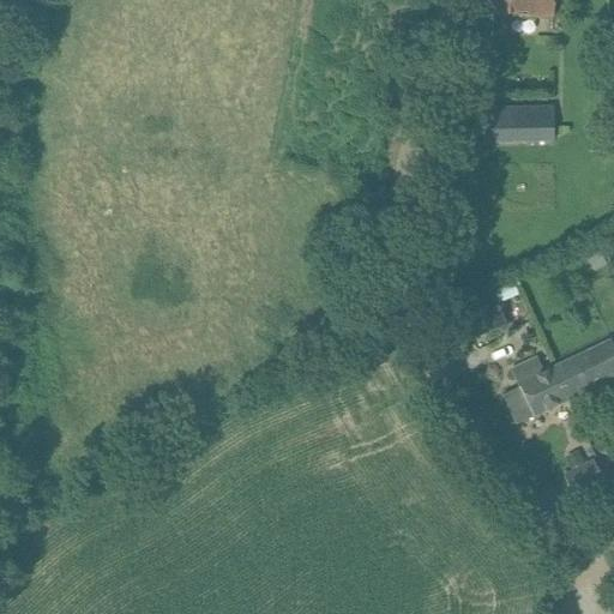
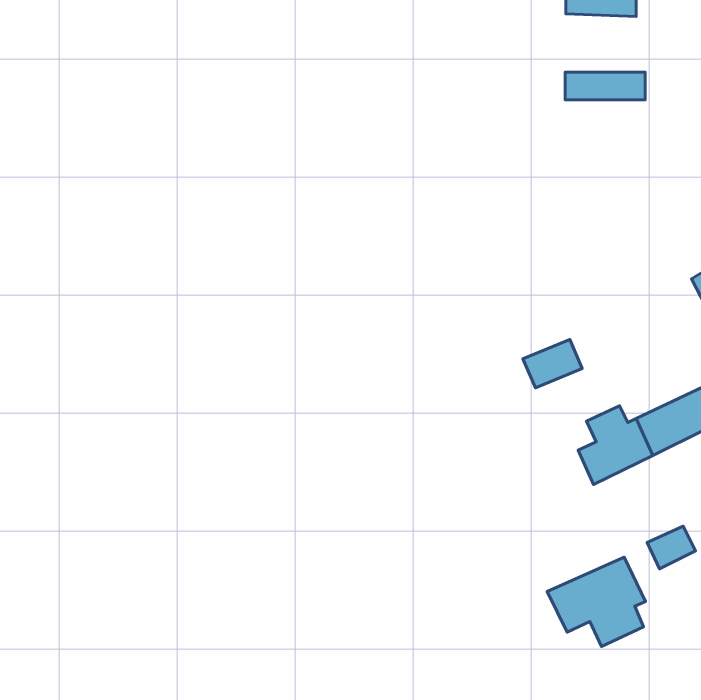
building: [487,114,556,138] -> [565,72,645,100]
building: none -> [547,557,646,647]

